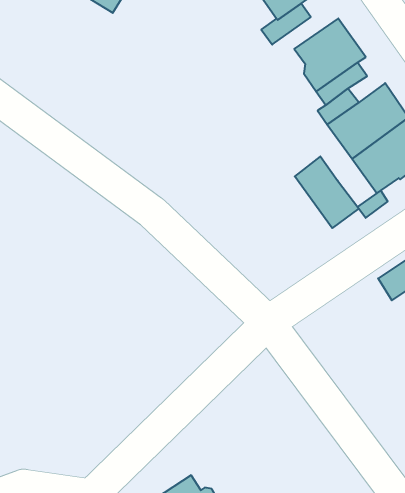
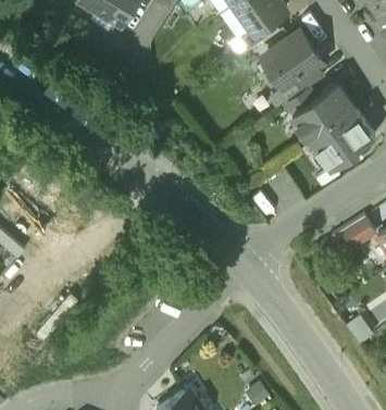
building: [295,156,359,228] -> none

